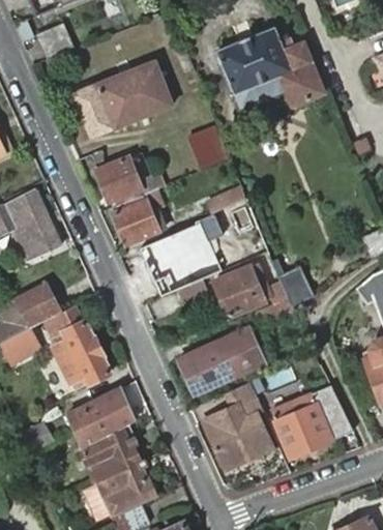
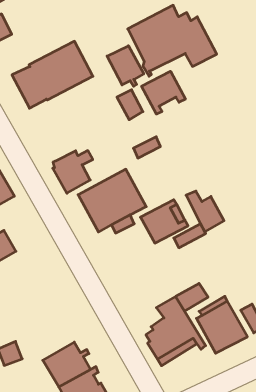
building: none -> [107,46,144,86]
building: none -> [142,71,185,114]
building: [96,153,164,205] -> none
building: [48,306,111,390] -> none
building: [178,329,263,394] -> none
building: [65,389,134,446] -> none

